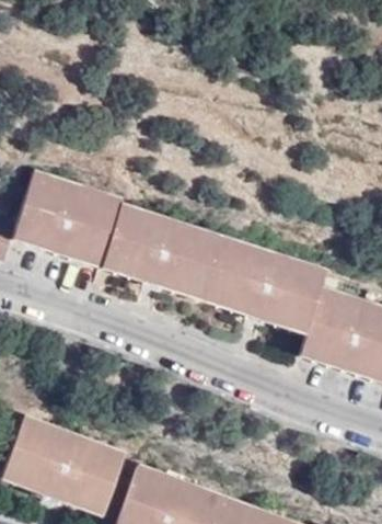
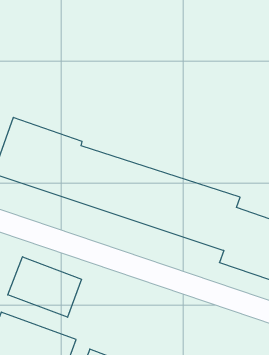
building: none -> [8,257,81,317]

